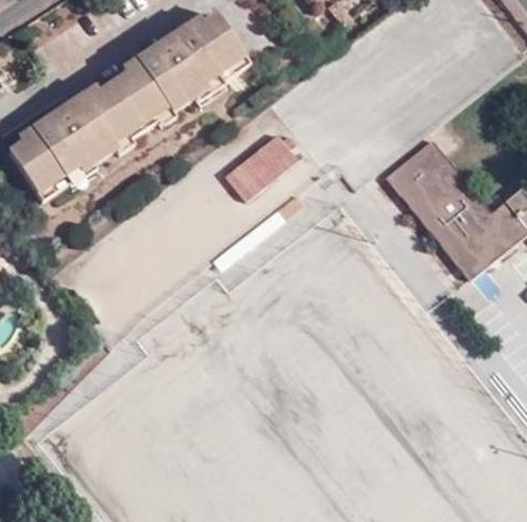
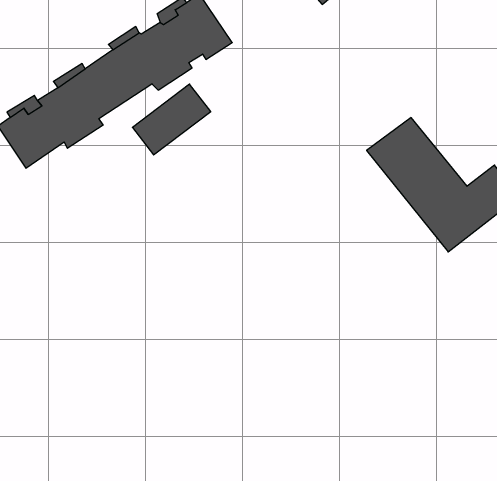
building: [221,126,301,199] -> [132,84,211,155]

